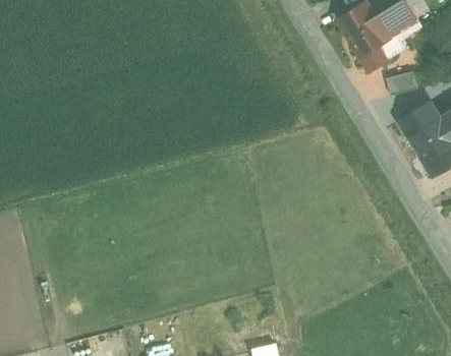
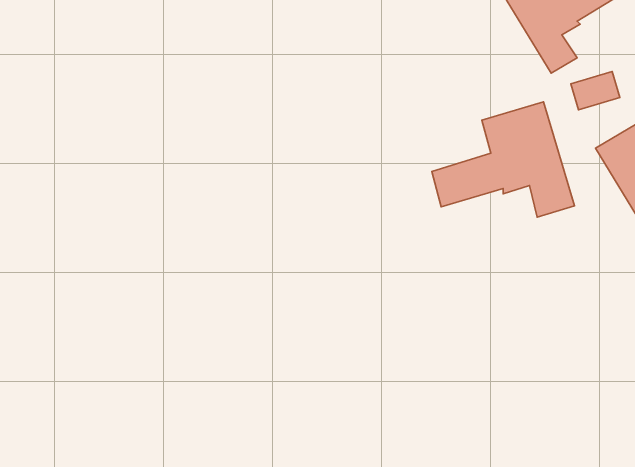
building: none -> [432,102,574,217]

